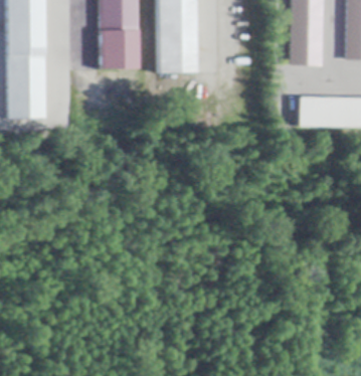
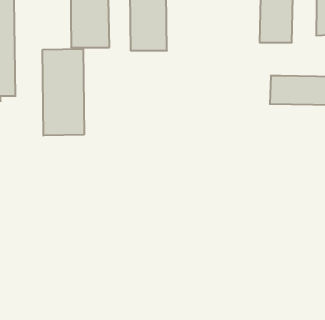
building: none -> [43,49,84,136]

